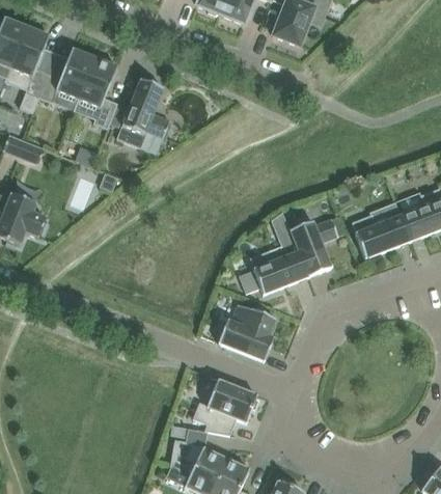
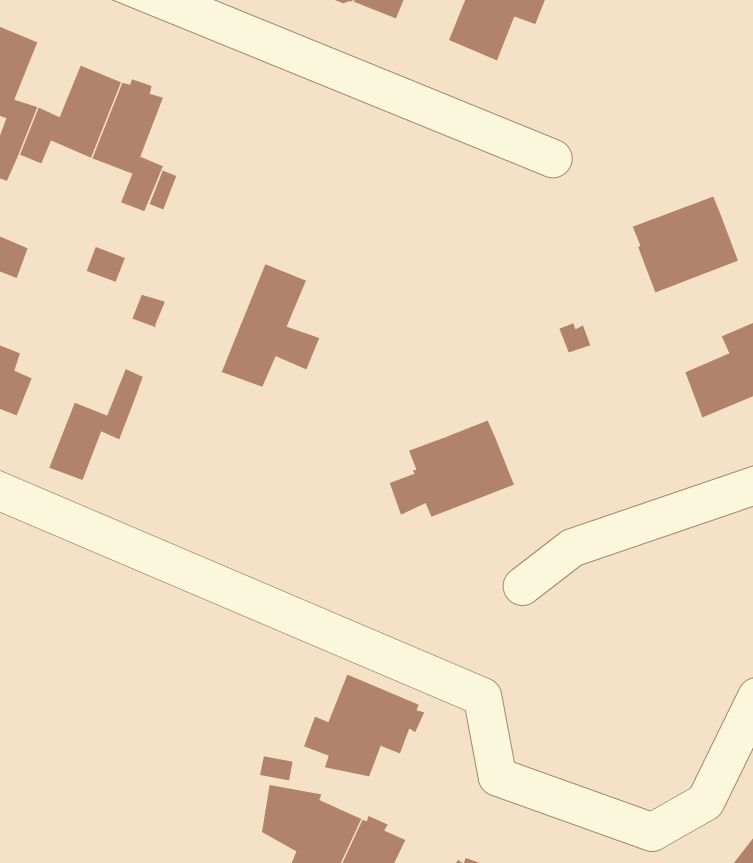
building: [116,79,170,146] -> [221,263,320,387]
building: [352,204,410,257] -> [632,196,739,293]
building: none -> [48,368,143,481]
building: [290,218,337,276] -> none
building: [218,302,275,360] -> none

